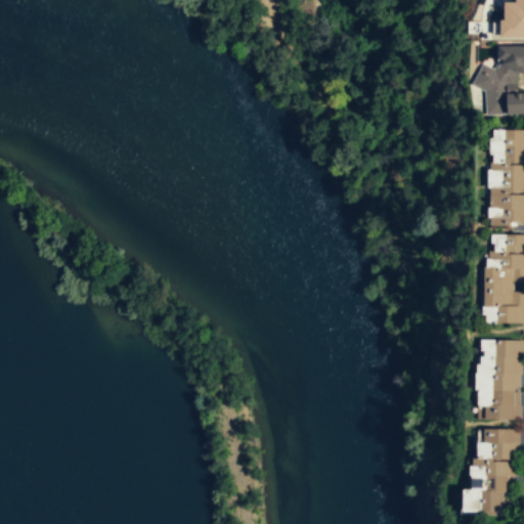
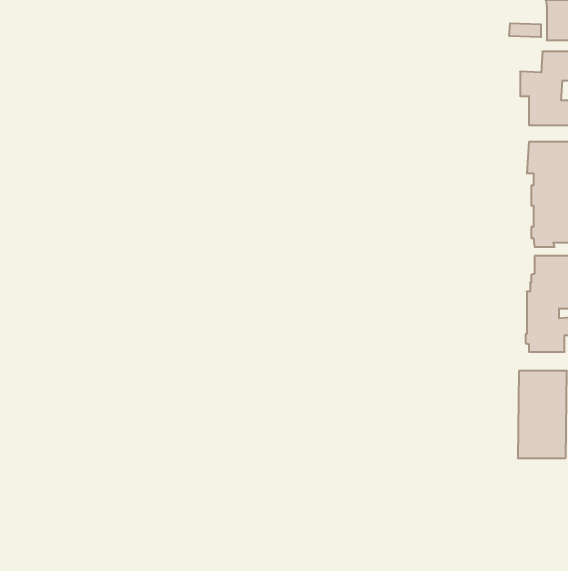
building: [465,429,519,515] -> none

